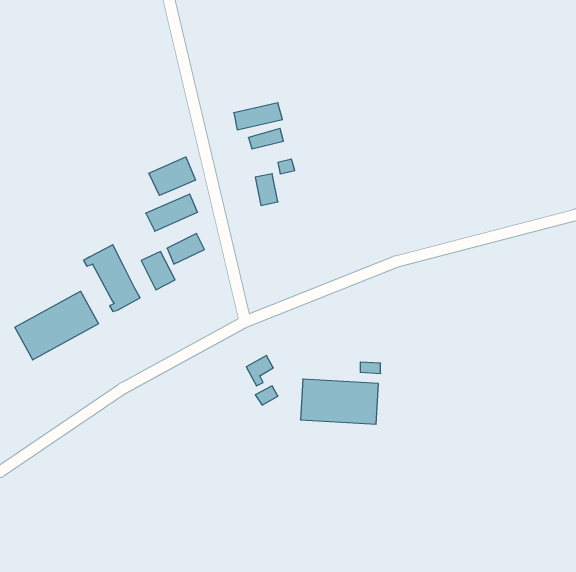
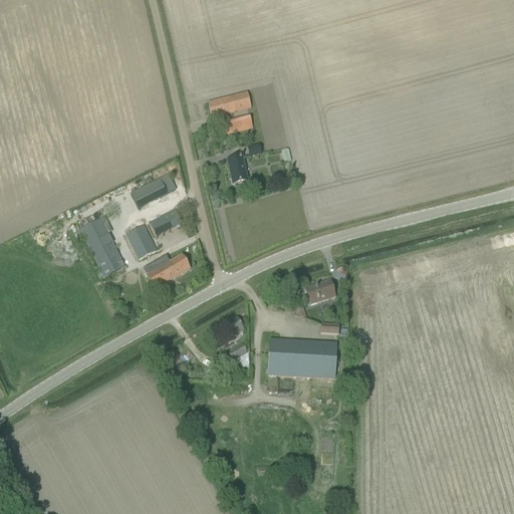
building: [149,157,195,195] -> none
building: none -> [144,253,191,287]
building: [15,291,98,360] -> none
building: none -> [304,279,336,303]

